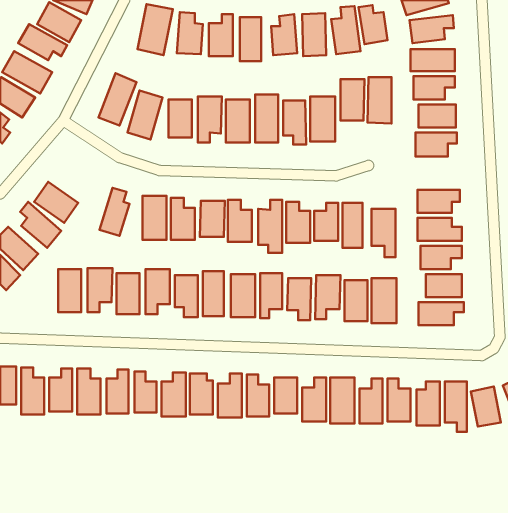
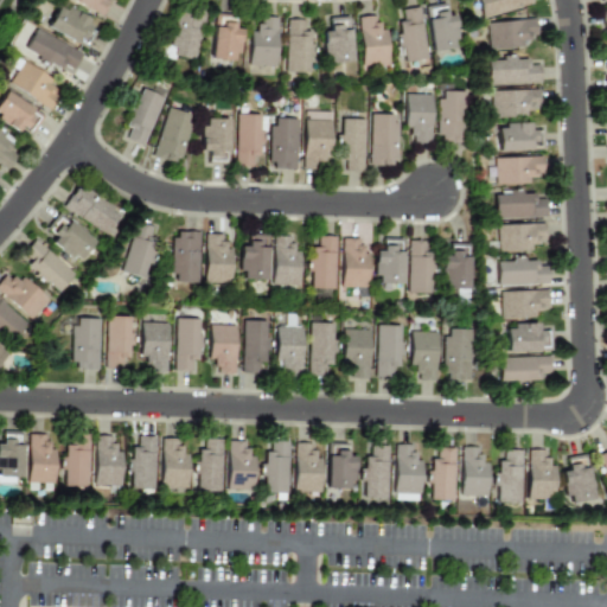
building: none -> [65,184,124,236]
building: none -> [496,191,545,218]

